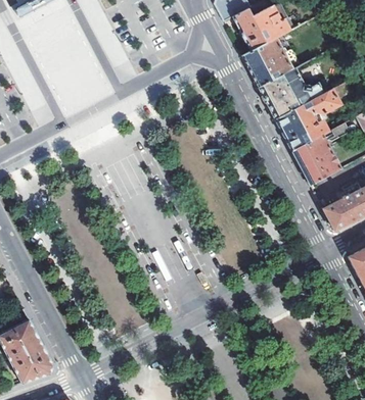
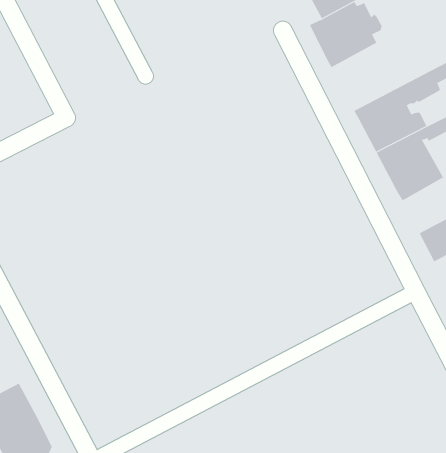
building: [258,68,330,119] -> none

